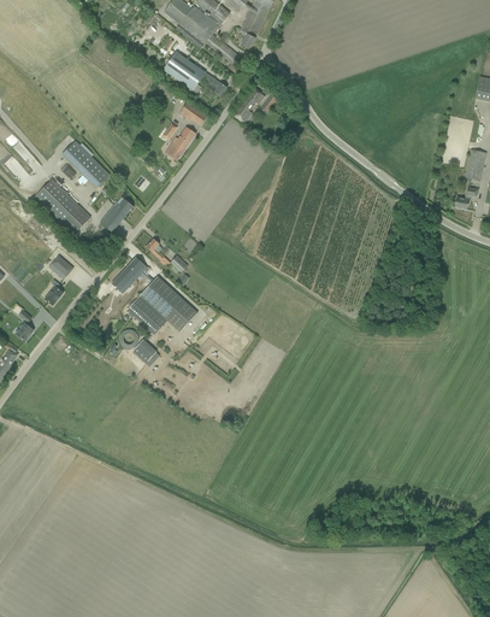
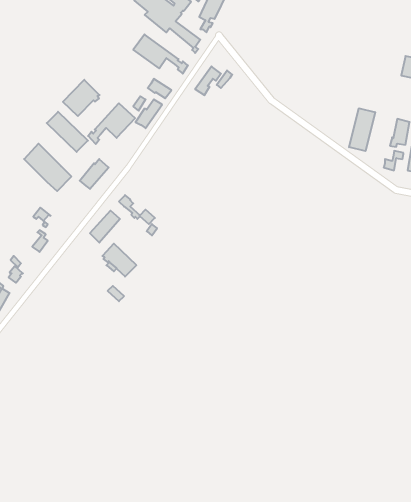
building: none -> [63,80,100,116]
building: none -> [88,103,135,144]
building: none -> [349,108,375,151]
building: [140,275,197,330] -> none

